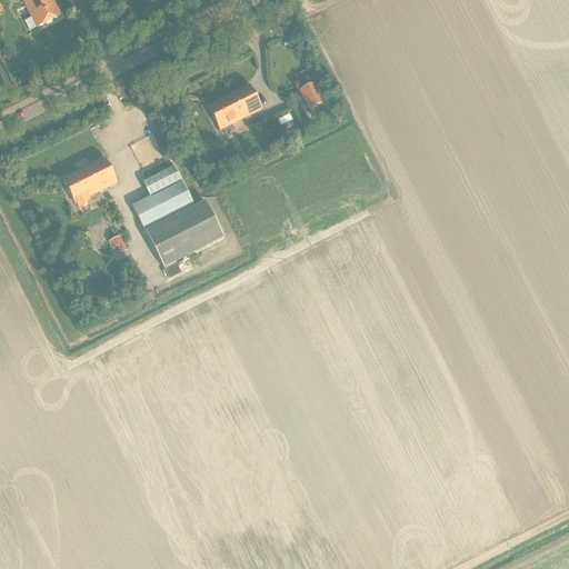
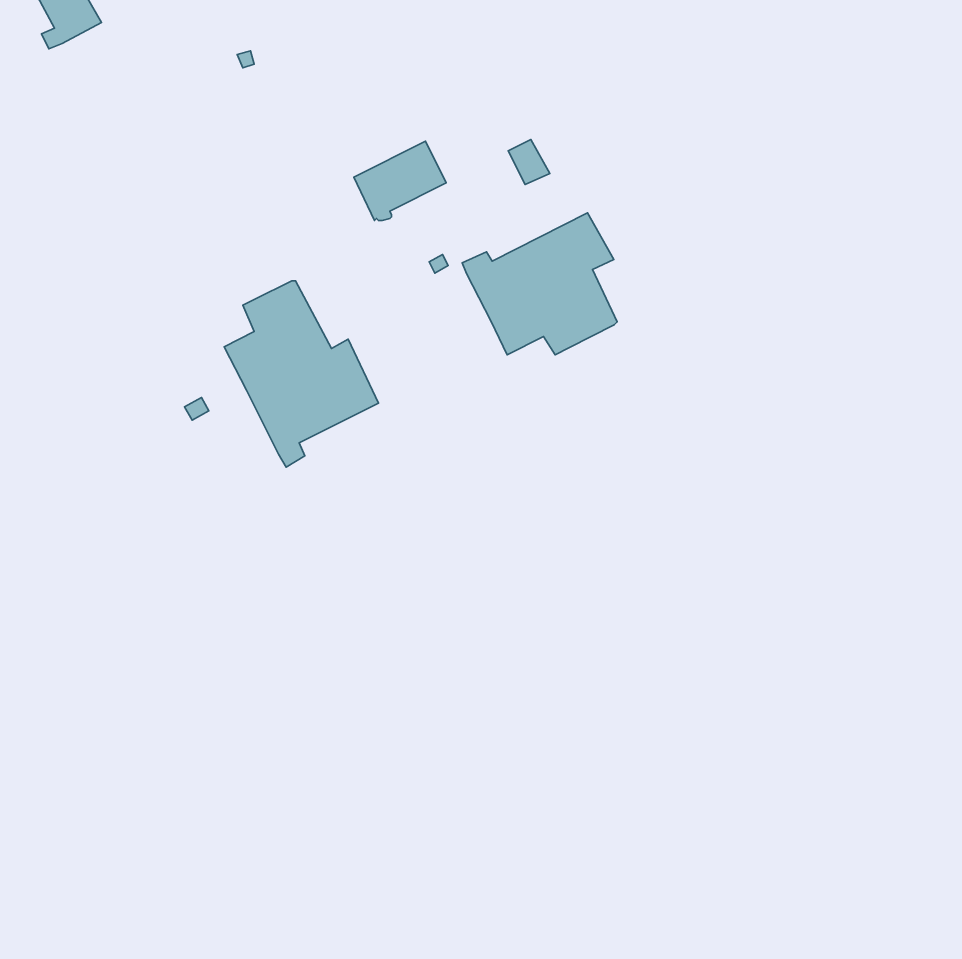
building: none -> [462,213,617,355]
building: [63,157,119,208] -> none

